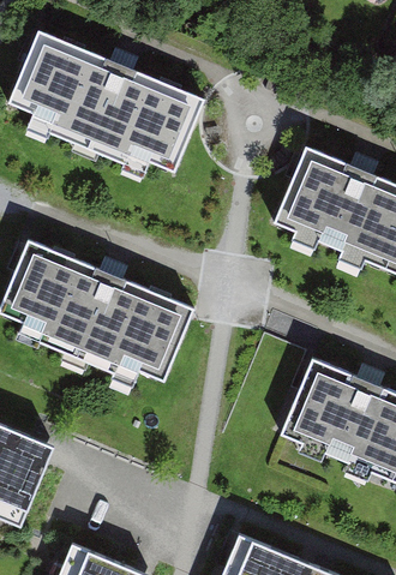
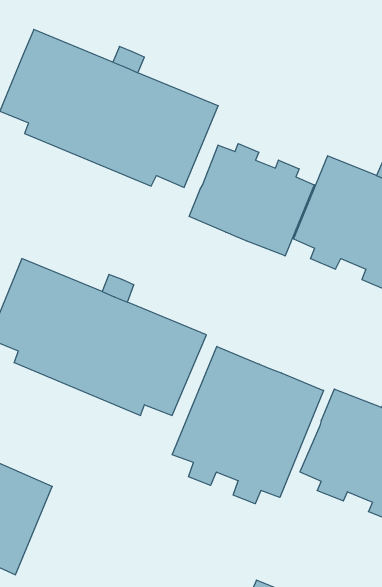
building: none -> [189,144,314,256]
building: none -> [172,346,324,504]

